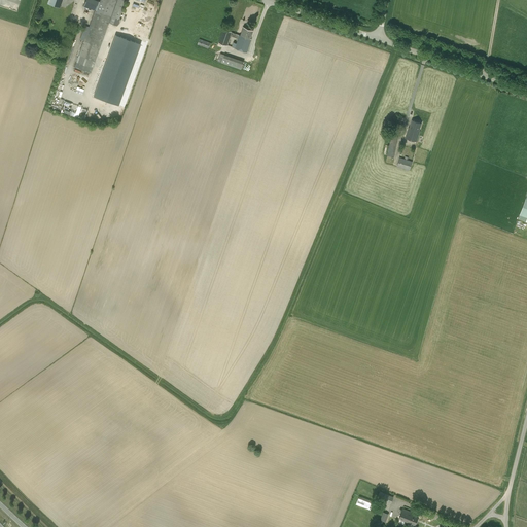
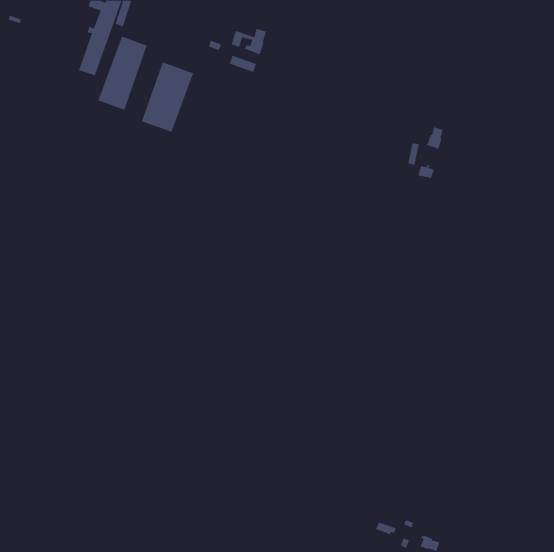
building: none -> [141,61,194,132]

